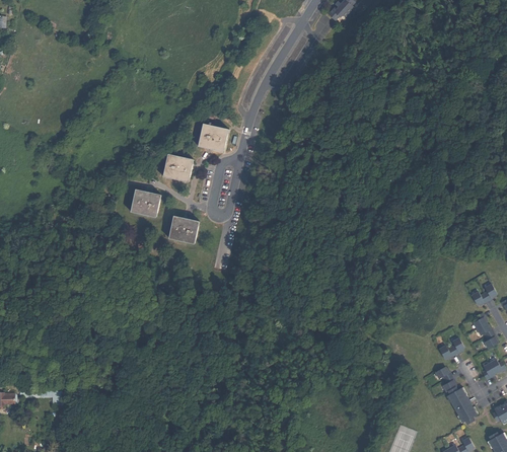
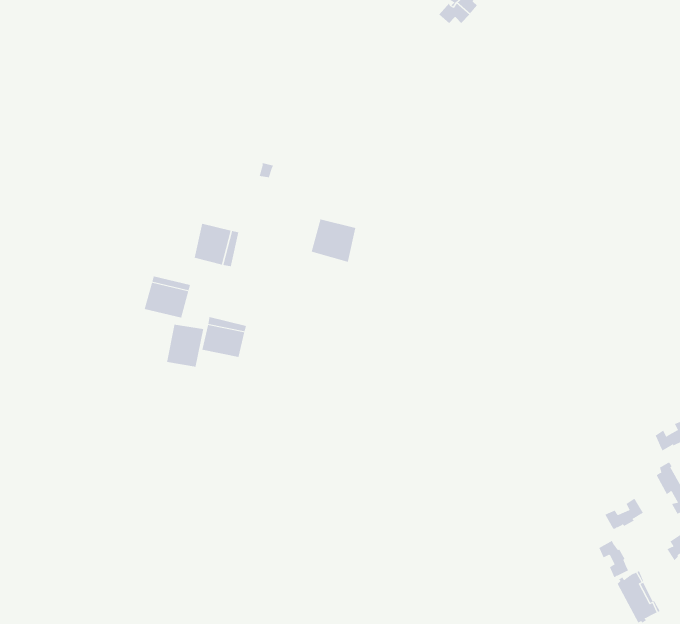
building: [198,124,228,153] -> [311,219,356,263]
building: none -> [167,324,204,367]

